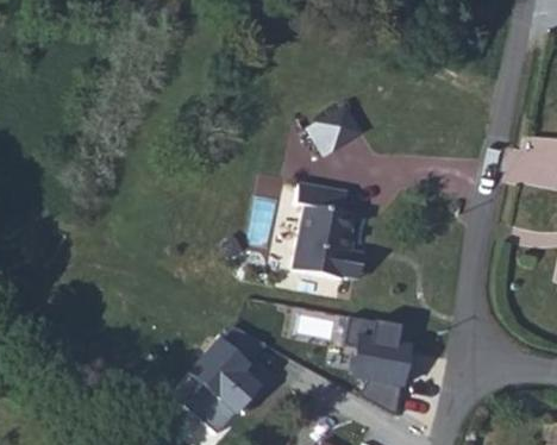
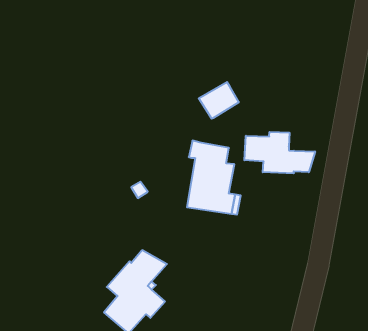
building: none -> [244,132,315,173]
building: [343,318,412,416] -> none

